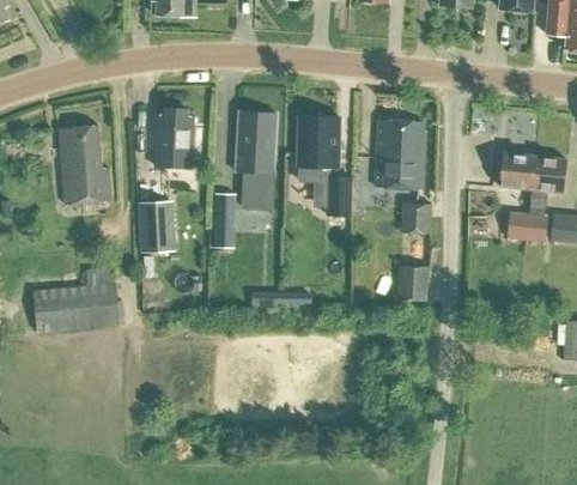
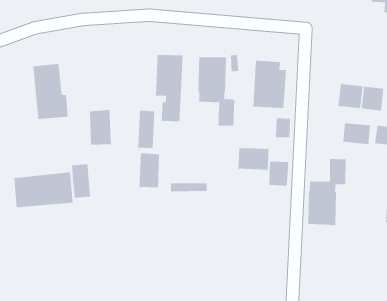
building: [156,109,194,170] -> none
building: none -> [238,147,269,171]
building: none -> [139,152,159,188]
building: none -> [308,158,346,226]
building: none -> [72,164,91,198]

